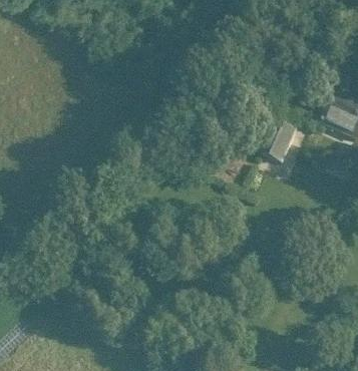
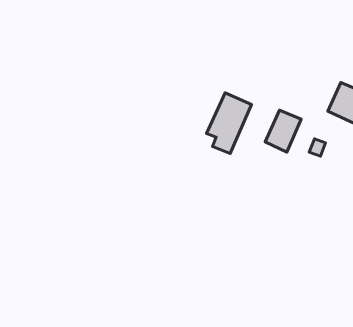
building: none -> [206,93,251,153]

